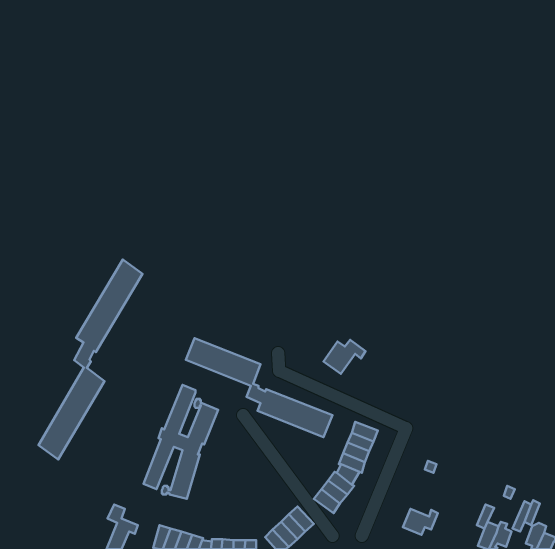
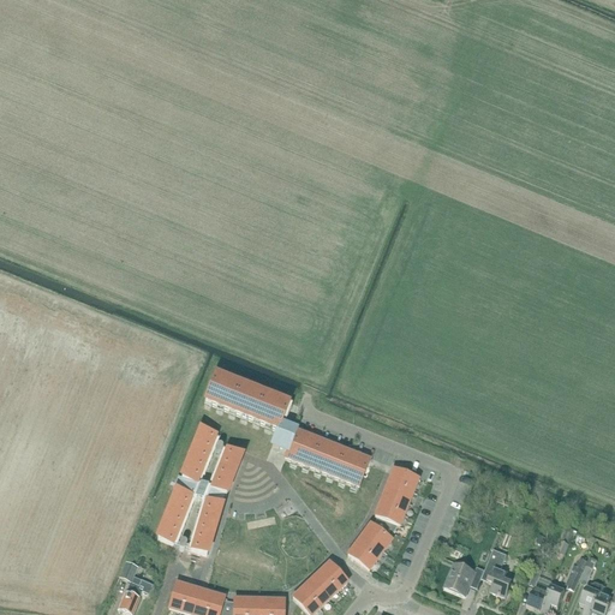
building: [38,259,142,460] -> none
building: [323,340,365,374] -> none
building: none -> [484,545,510,595]

